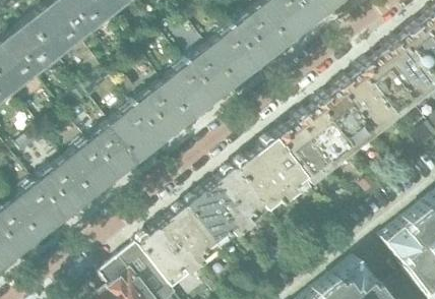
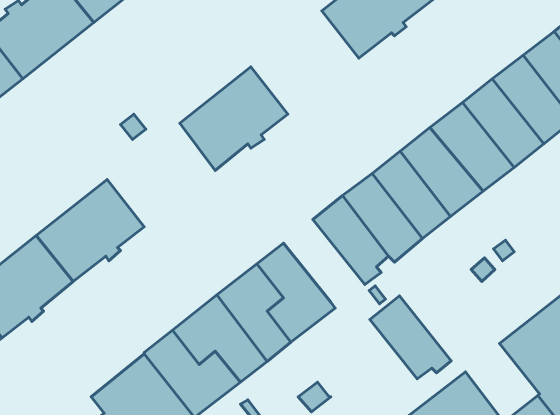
building: [211,8,286,79] -> none
building: [113,85,187,157] -> none
building: [234,152,290,208] -> [370,296,451,379]

